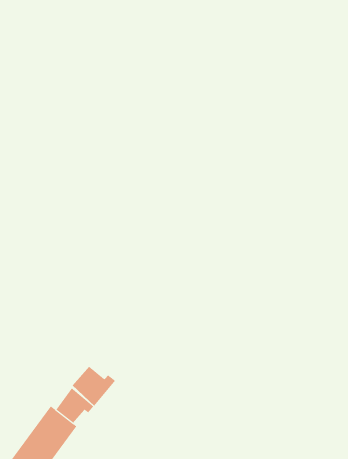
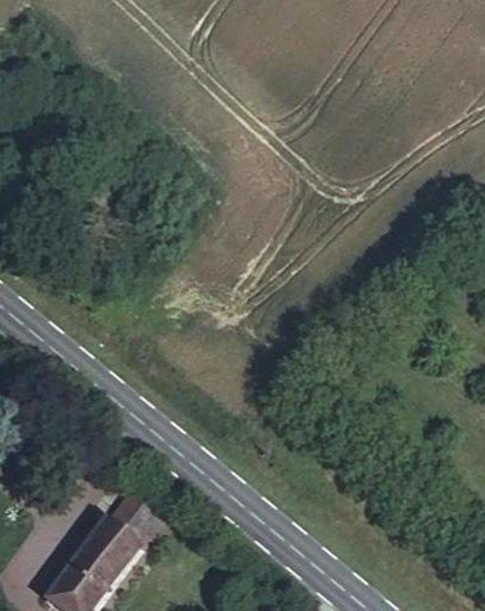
building: [72,366,116,407] -> none

